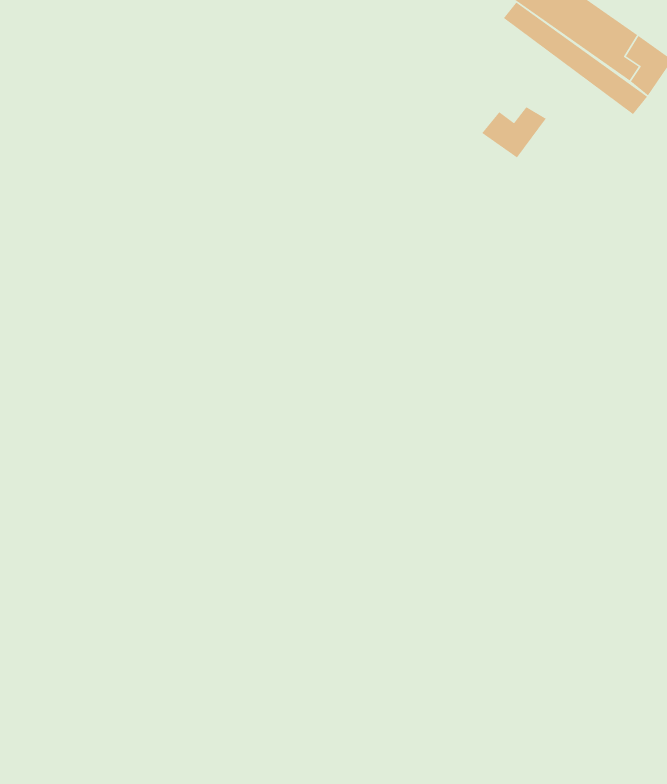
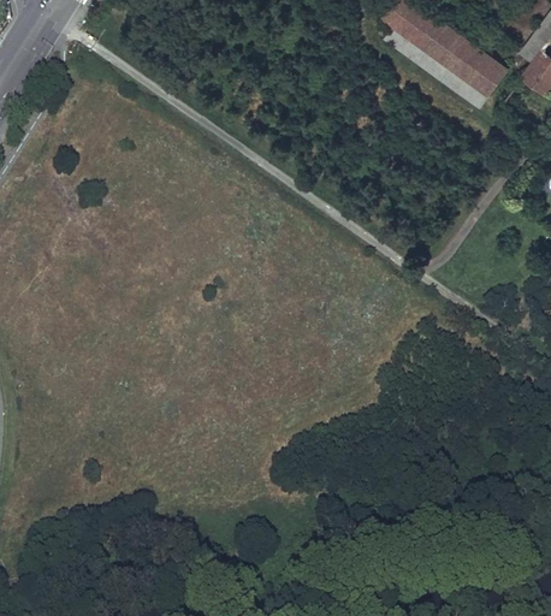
building: [481,106,547,159] -> none

